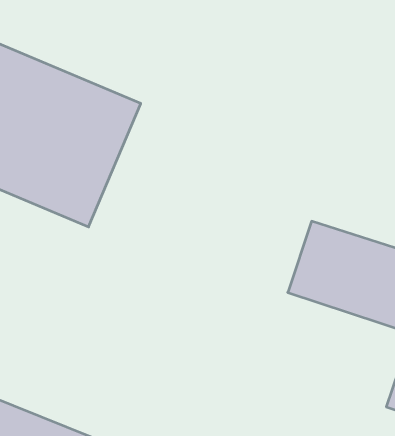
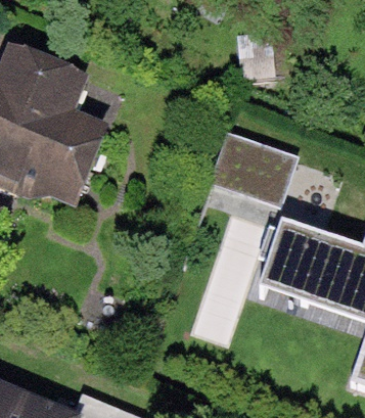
building: none -> [209,135,295,210]

